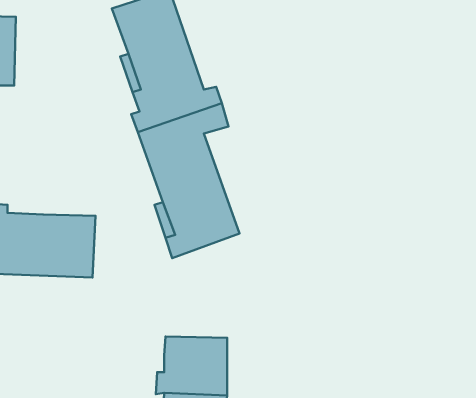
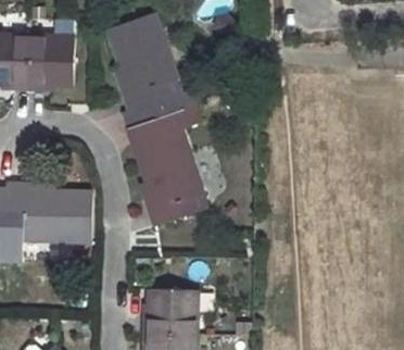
building: none -> [29,35,74,89]

